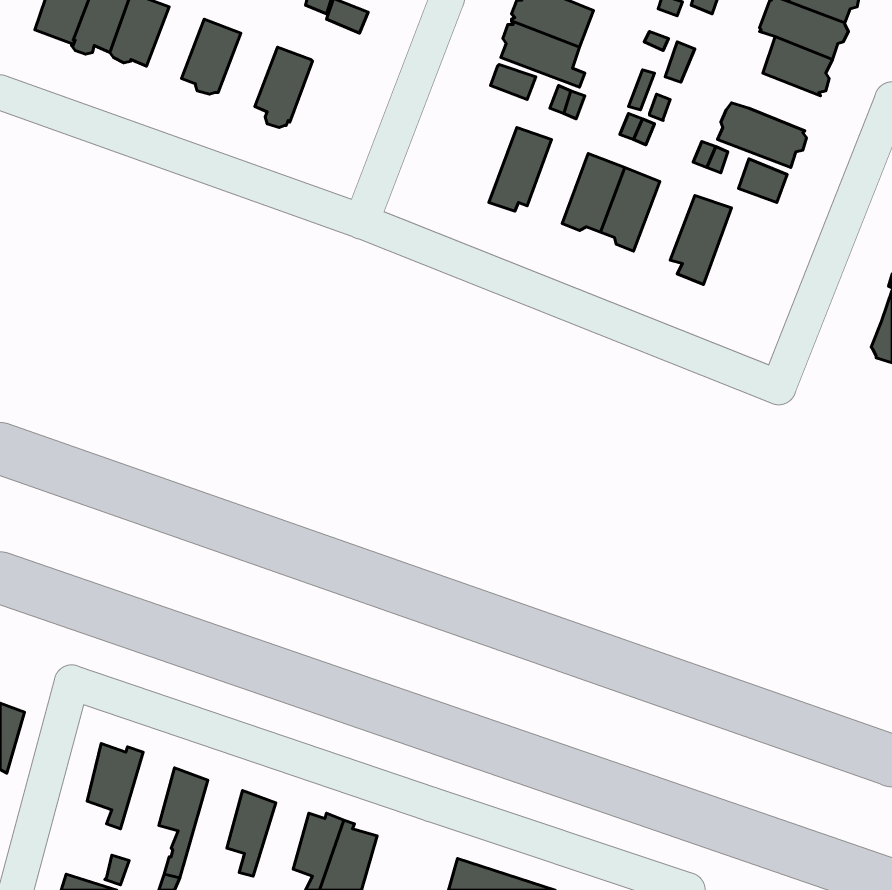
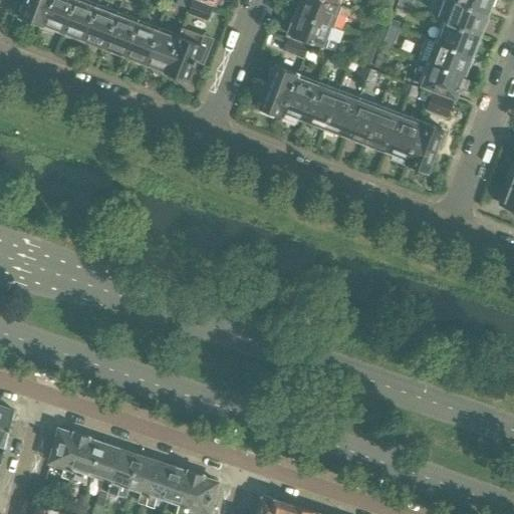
building: none -> [84,4,117,45]
building: none -> [125,19,160,62]
building: none -> [165,27,208,80]
building: none -> [431,42,472,75]
building: none -> [259,65,297,116]
building: none -> [303,80,338,128]
building: none -> [364,104,400,150]
building: none -> [405,119,445,172]
building: none -> [68,433,100,486]
building: none -> [107,449,140,498]
building: none -> [146,462,178,507]

